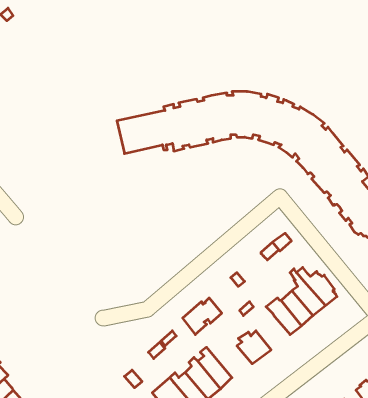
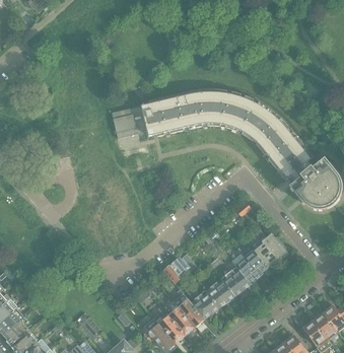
building: none -> [221,266,251,295]
building: none -> [184,282,220,317]

